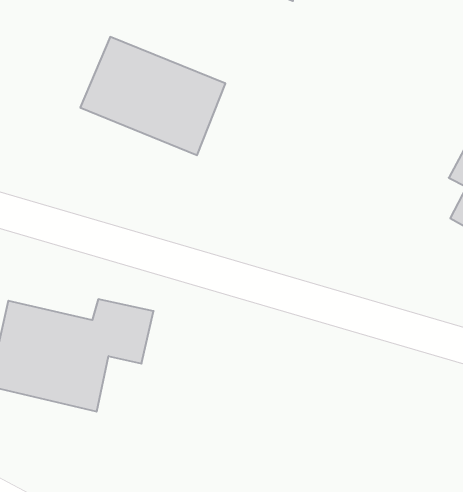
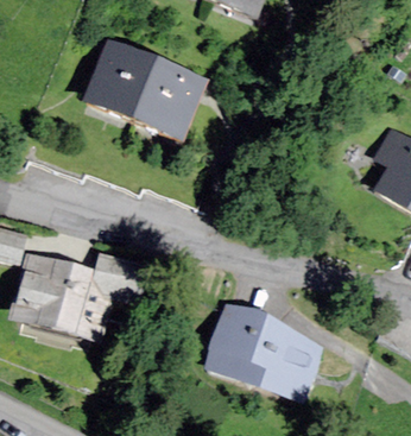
building: none -> [207,307,320,398]

